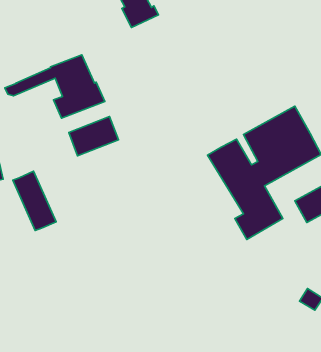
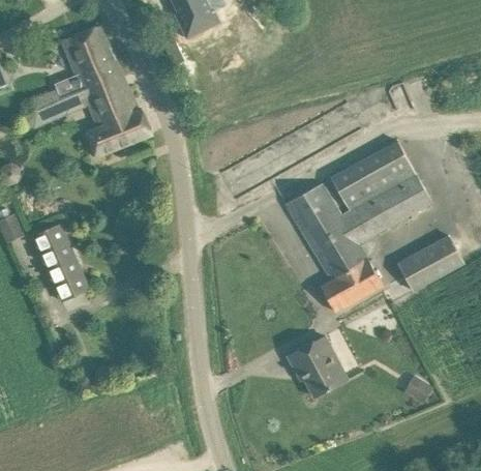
building: none -> [33,26,122,111]
building: [69,116,119,156] -> none
building: none -> [288,336,348,398]

